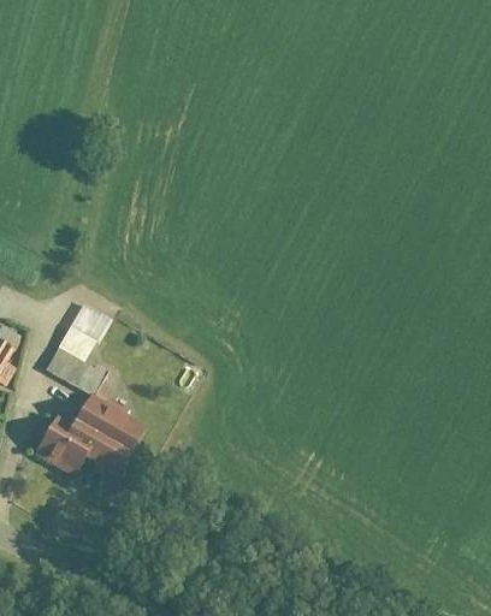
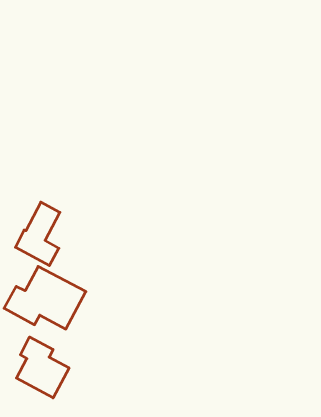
building: none -> [16,337,69,398]

